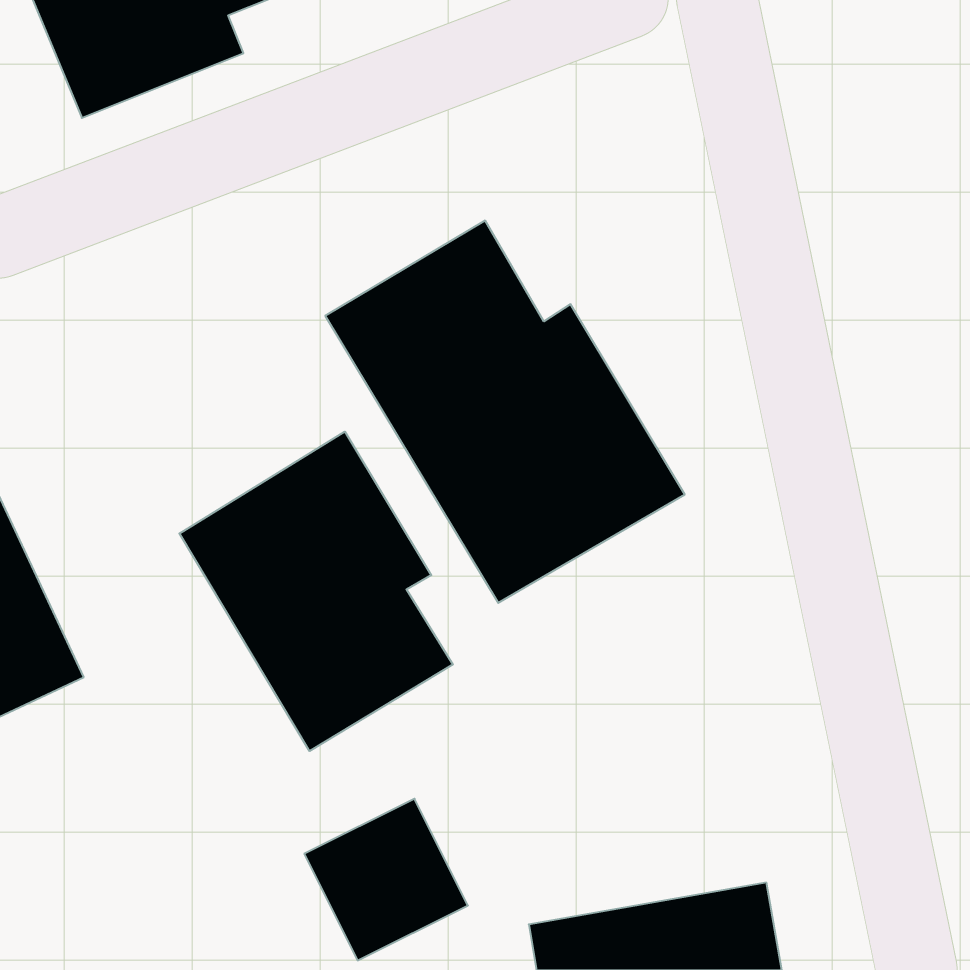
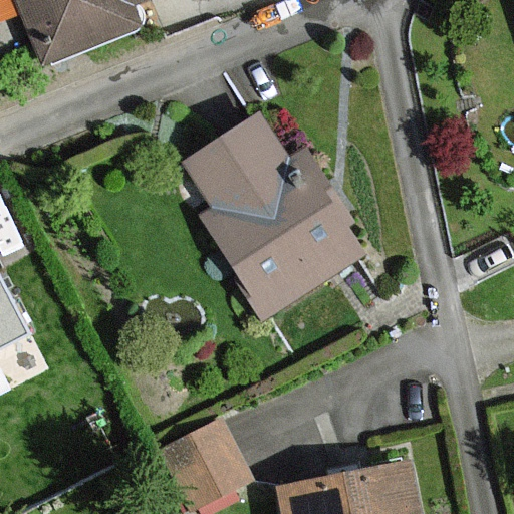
building: [179,432,453,751] -> none

